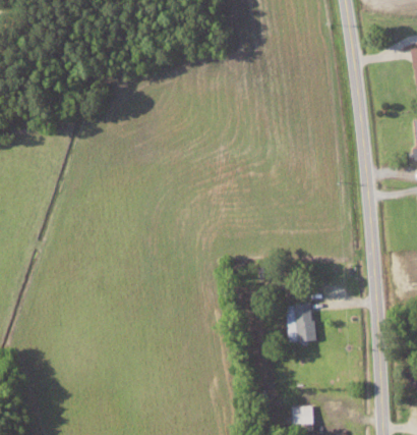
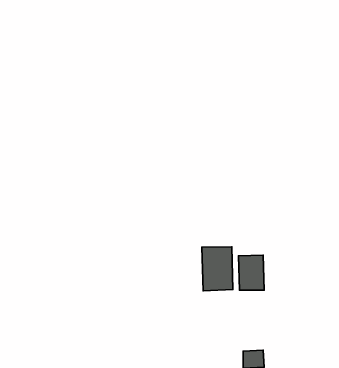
building: none -> [202,247,233,291]

